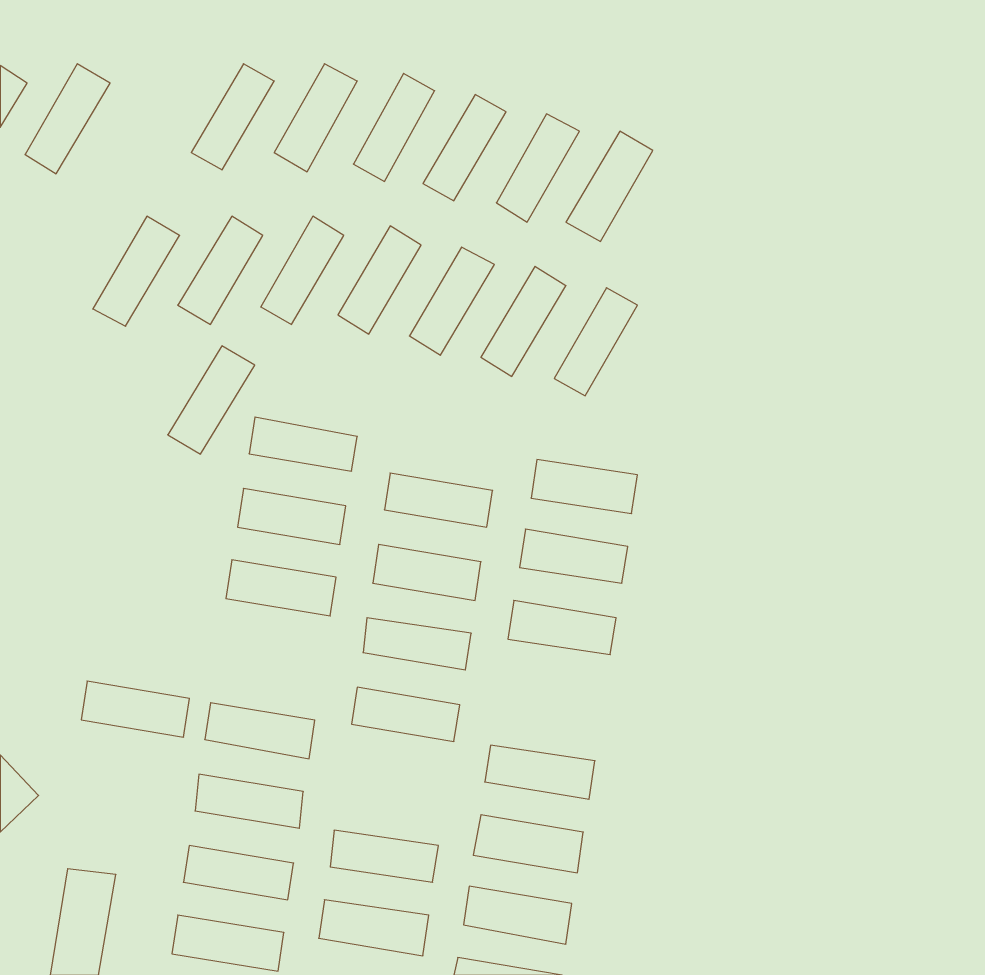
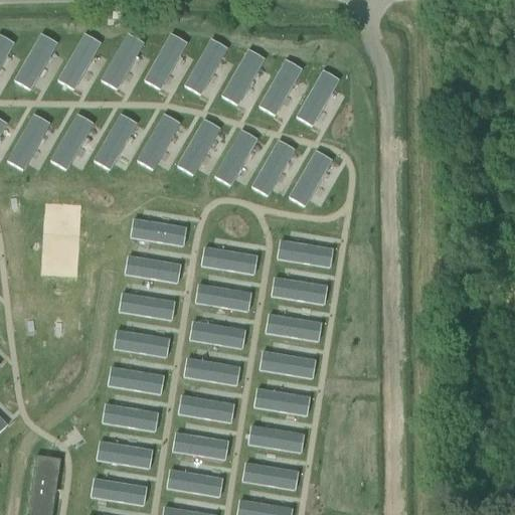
building: none -> [57,33,101,90]
building: [168,346,255,454] -> [6,114,51,170]
building: none -> [260,350,316,379]
building: [81,681,189,737] -> [114,329,170,358]
building: none -> [178,394,235,423]

